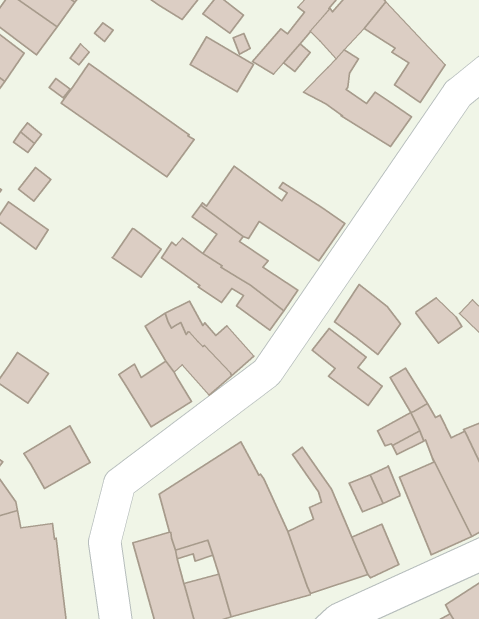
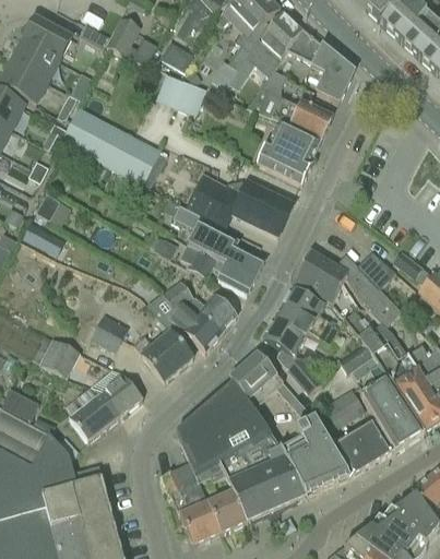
building: none -> [255,121,320,185]
building: [112,228,161,277] -> none
building: none -> [334,254,401,325]
building: none -> [92,316,127,350]
building: none -> [262,306,321,392]
building: none -> [229,353,283,408]
building: none -> [100,372,142,416]
building: none -> [353,419,393,463]

